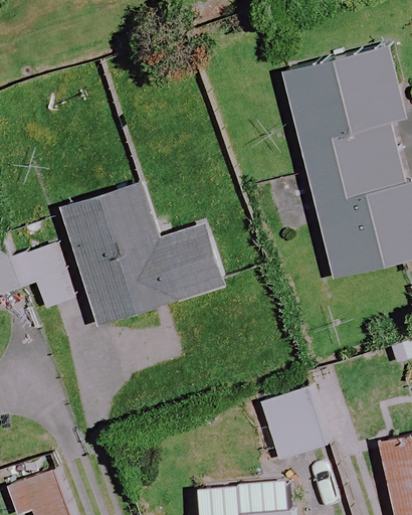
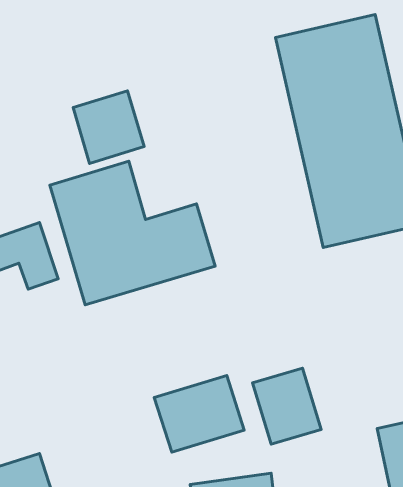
building: none -> [73,91,144,163]
building: none -> [154,375,244,452]

